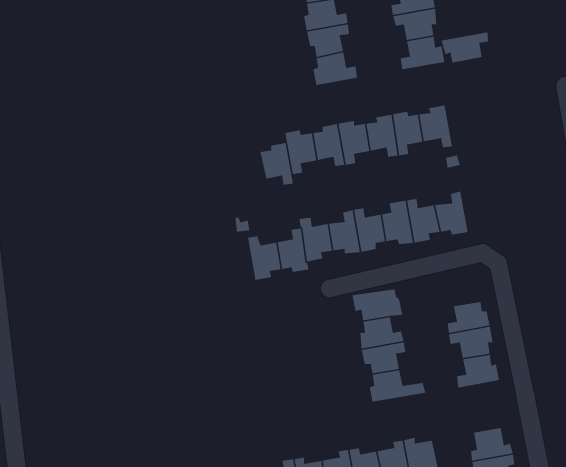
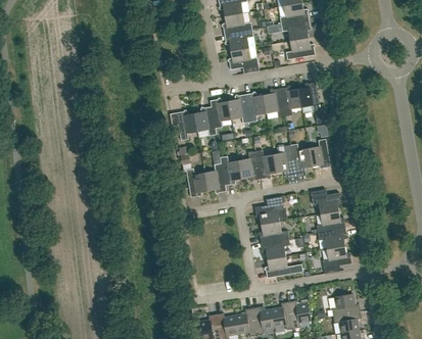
building: [441,32,489,63] -> none
building: none -> [176,110,198,140]
building: none -> [312,192,341,213]

